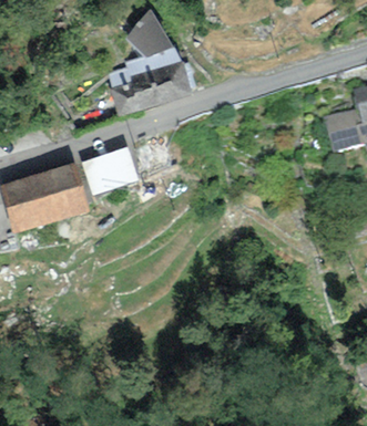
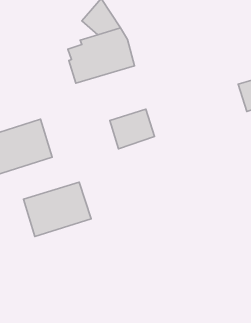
building: [81,146,137,196] -> [110,109,155,149]
building: none -> [24,182,91,236]

